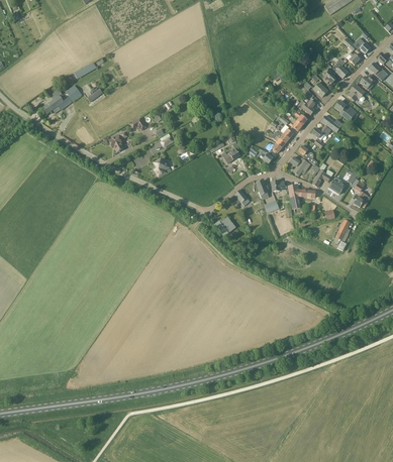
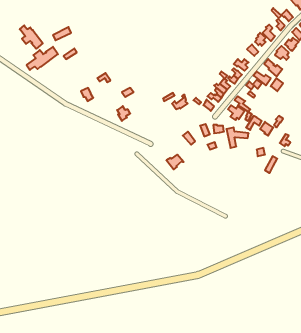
building: none -> [20,25,43,49]

